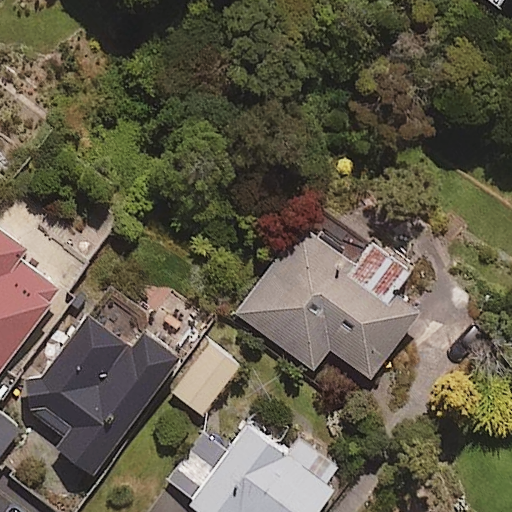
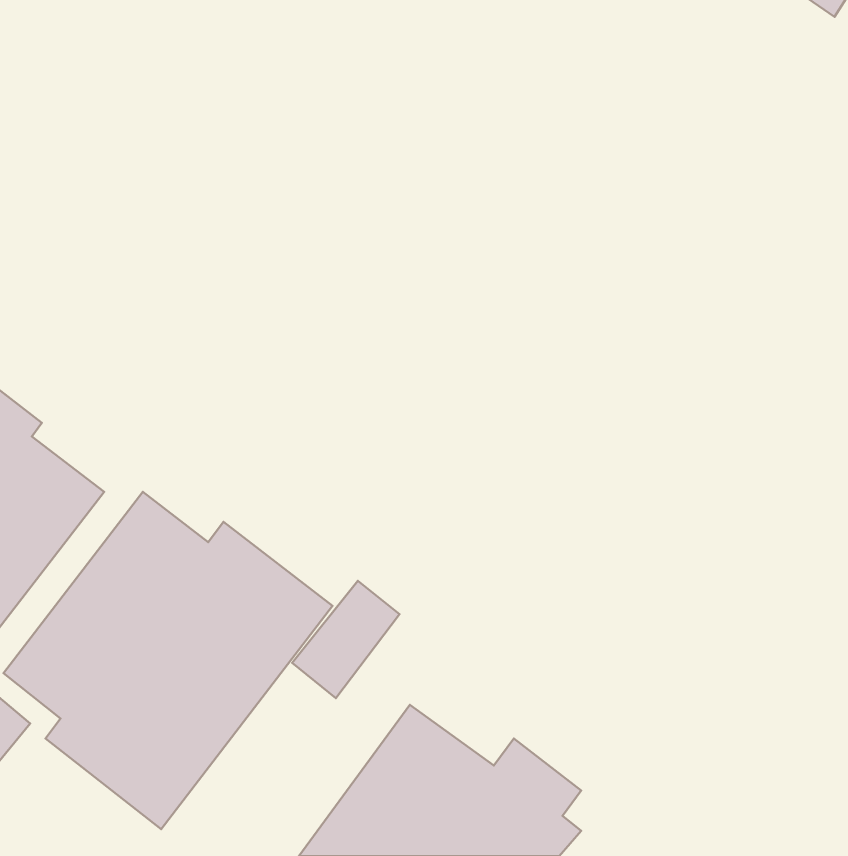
building: [234,228,418,381] -> none

